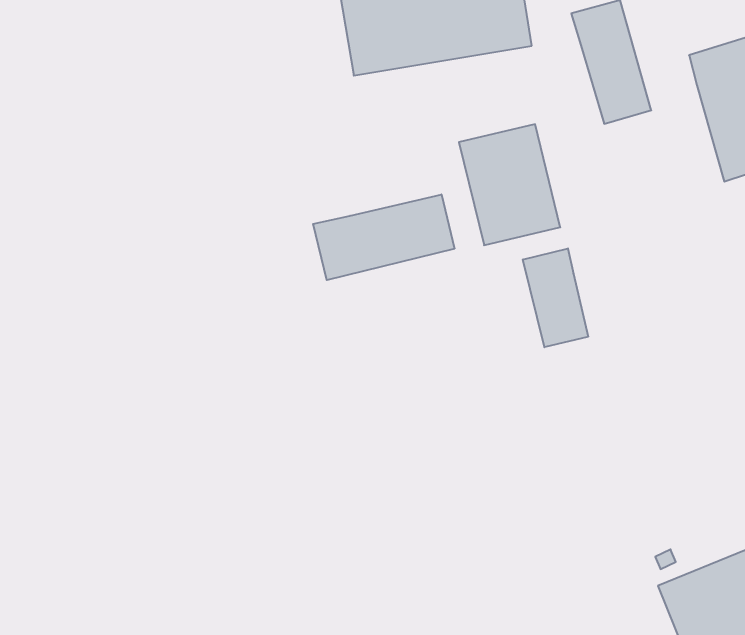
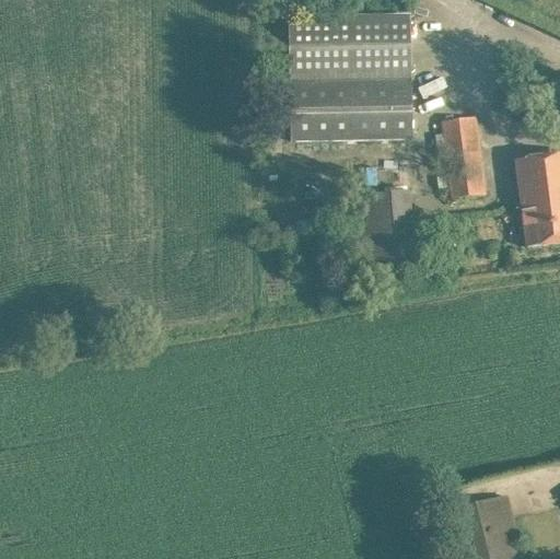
building: [313,194,454,280] -> none
building: [523,248,588,347] -> none

